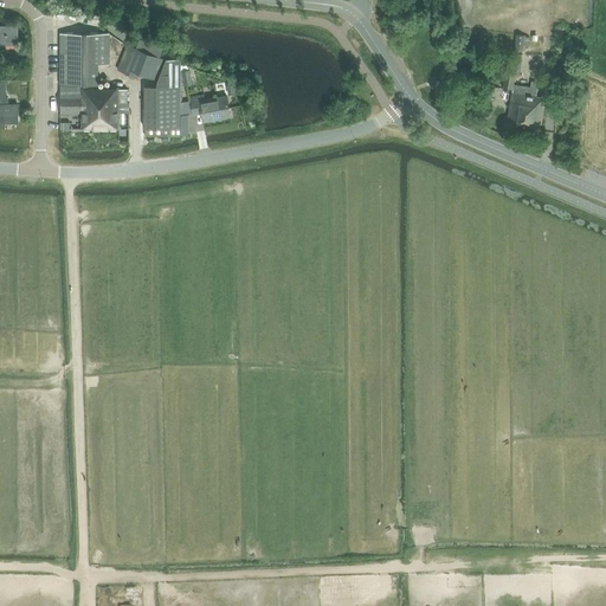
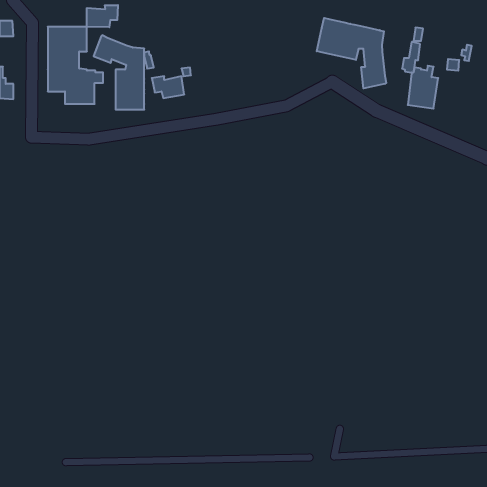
building: none -> [87,5,118,27]
building: none -> [317,18,386,88]

